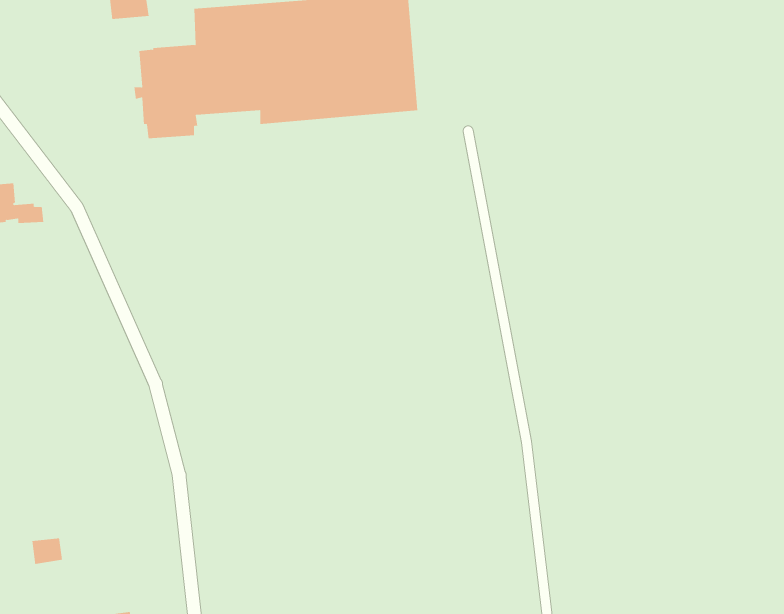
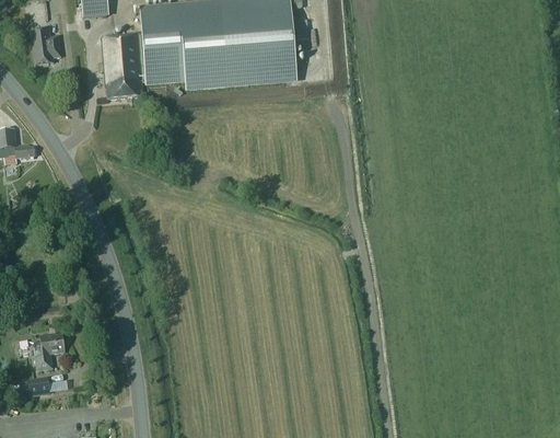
building: none -> [30,30,60,65]
building: none -> [34,334,63,369]

